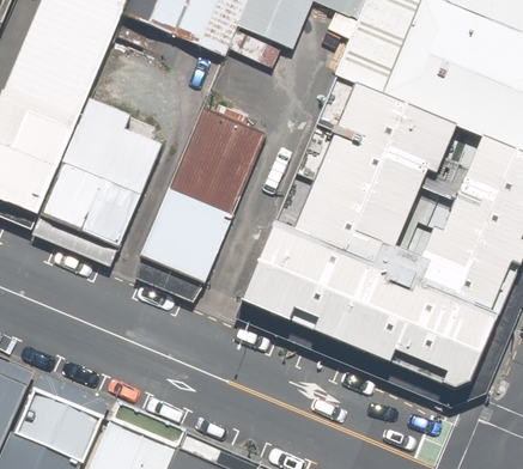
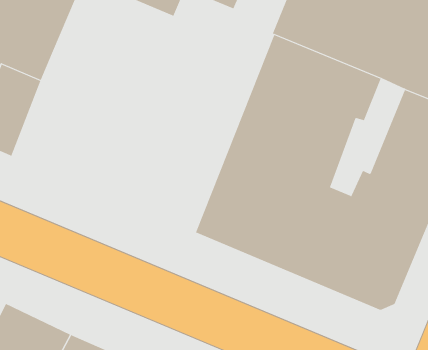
building: [38,98,160,246] -> none
building: [138,105,264,284] -> none

